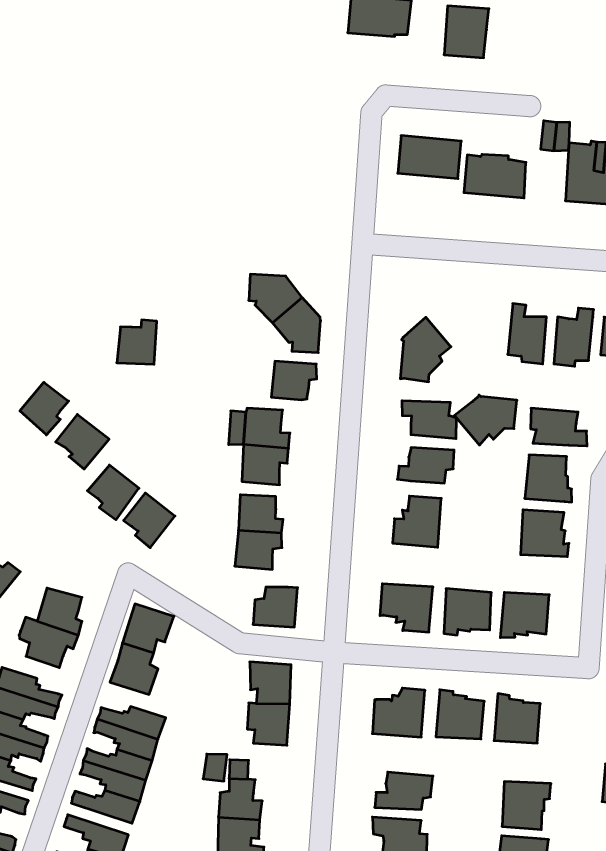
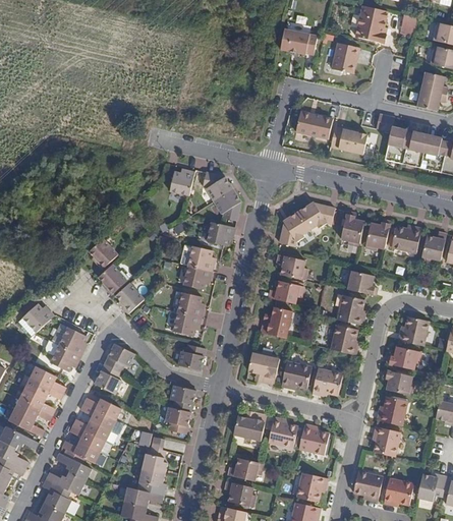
building: [117,320,157,364] -> [169,170,194,195]
building: [20,382,69,435] -> none
building: [454,395,517,445] -> [298,201,334,229]

